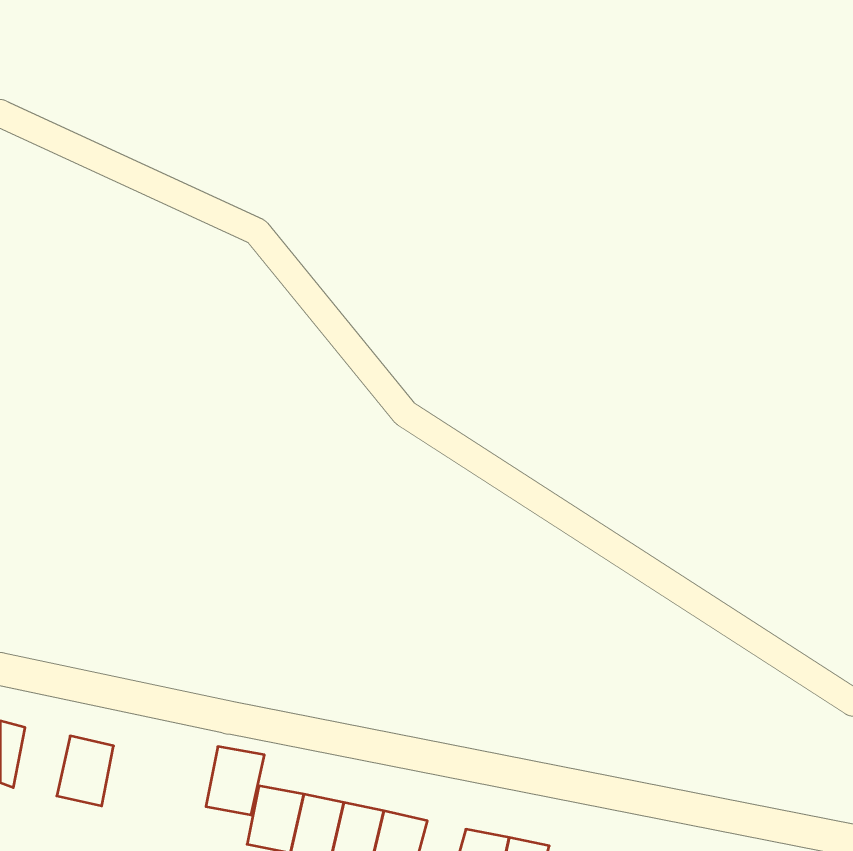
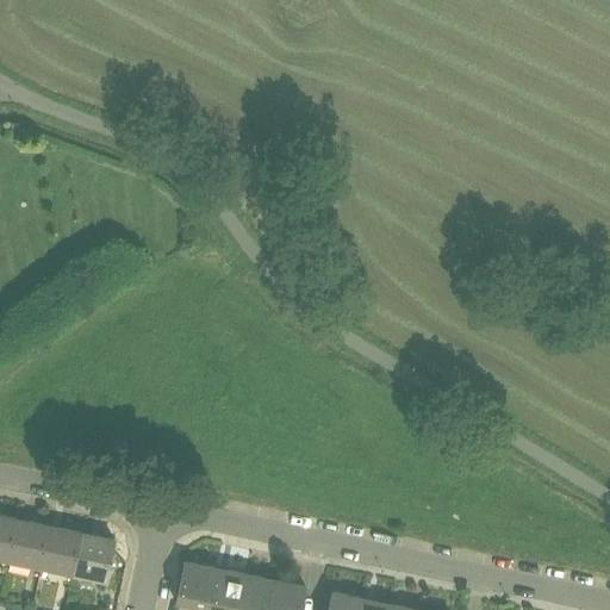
building: none -> [10,521,50,569]
building: [206,747,264,815] -> [73,534,114,583]

